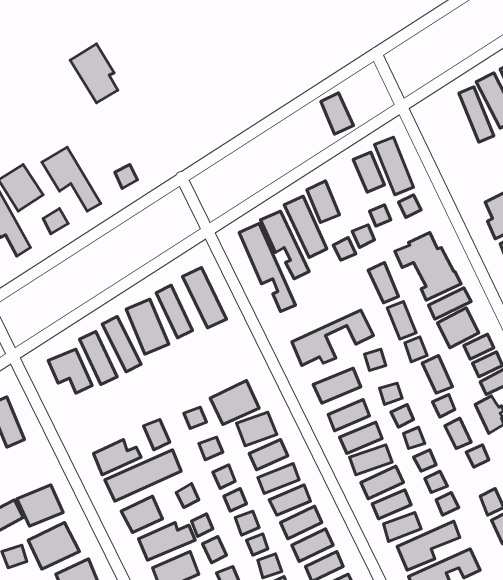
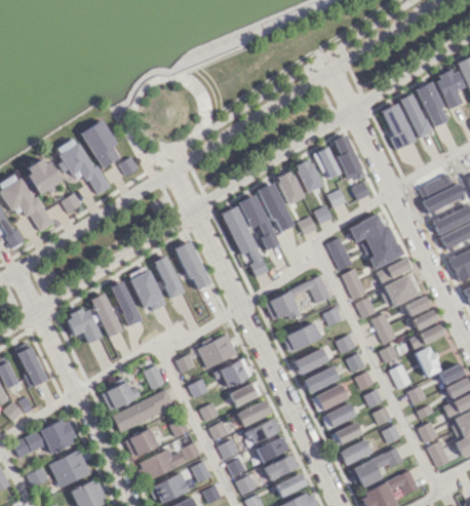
building: [70,44,118,103] -> [81,120,120,168]
building: [321,93,353,134] -> [295,159,321,193]
building: none -> [380,104,414,150]

